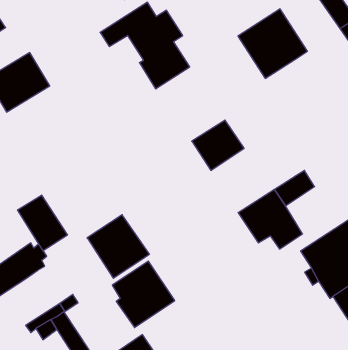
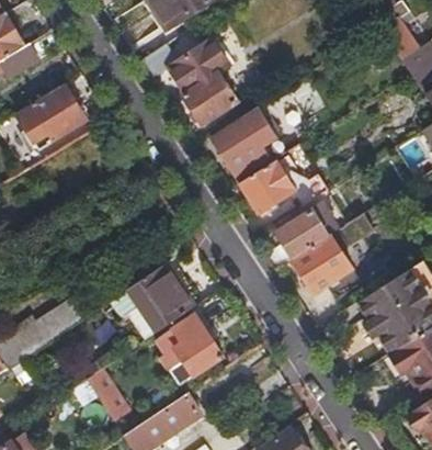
building: [238,9,307,78] -> [211,106,286,182]
building: none -> [266,204,339,269]
building: [18,195,67,251] -> none

